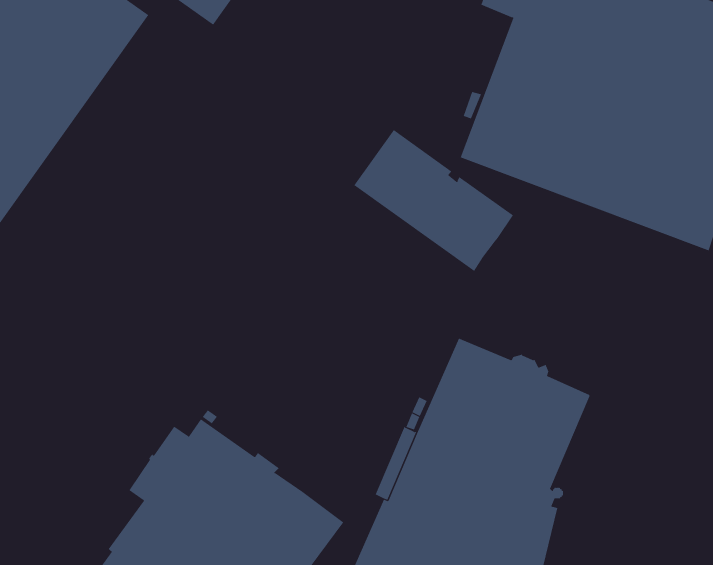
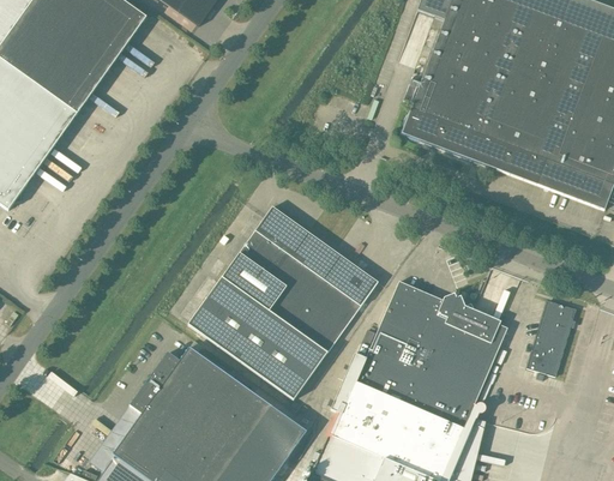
building: [354,129,515,272] -> none
building: none -> [188,206,378,399]
building: none -> [526,300,576,375]

